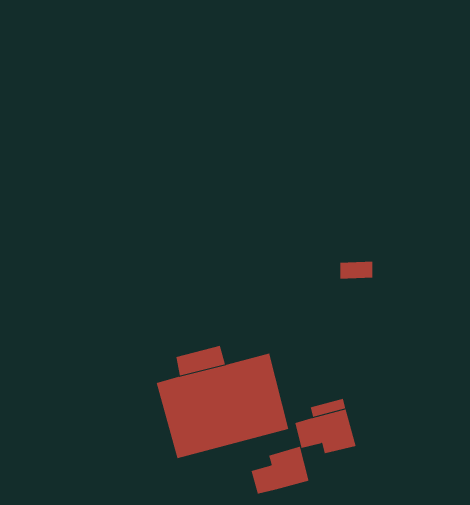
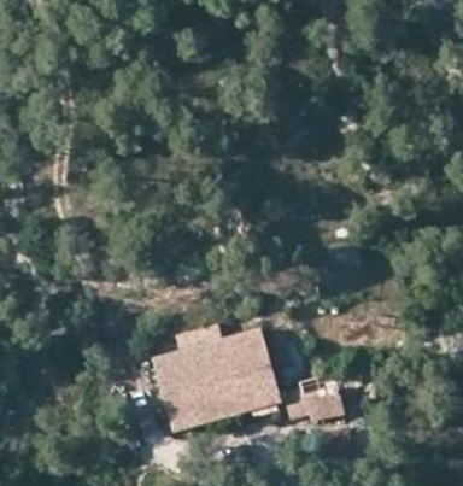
building: [251,446,309,495] -> none

